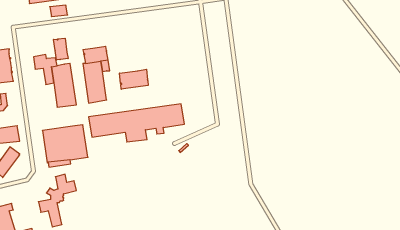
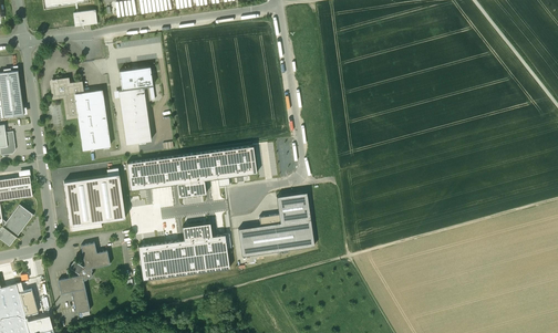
building: [54,38,68,60] -> none
building: [120,69,148,89] -> none
building: none -> [238,191,313,256]
building: none -> [137,222,231,280]

